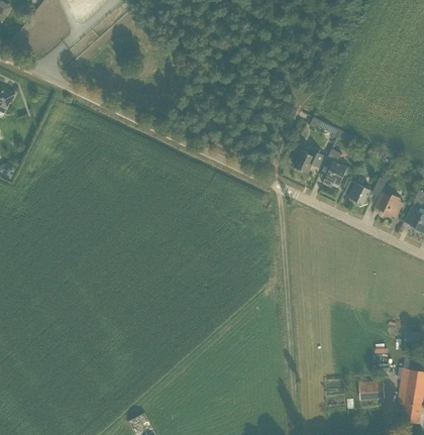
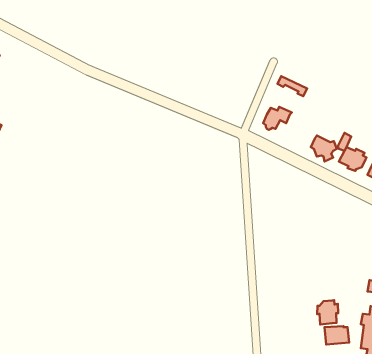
building: [323,149,350,189] -> none
building: none -> [317,300,338,324]

